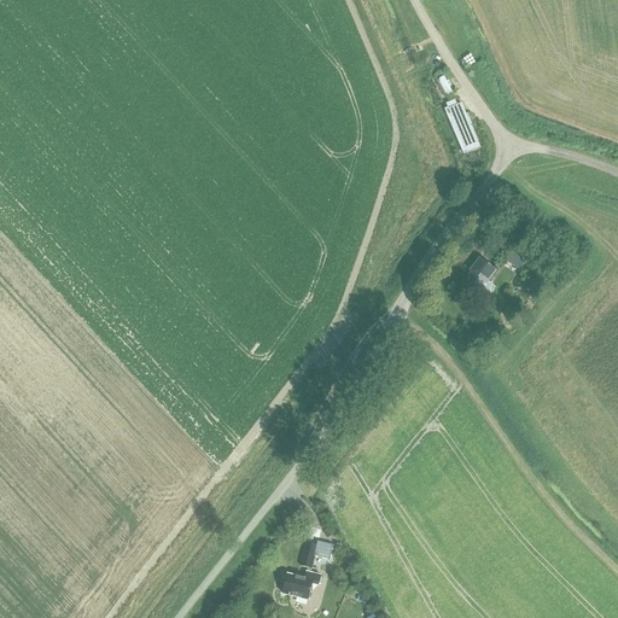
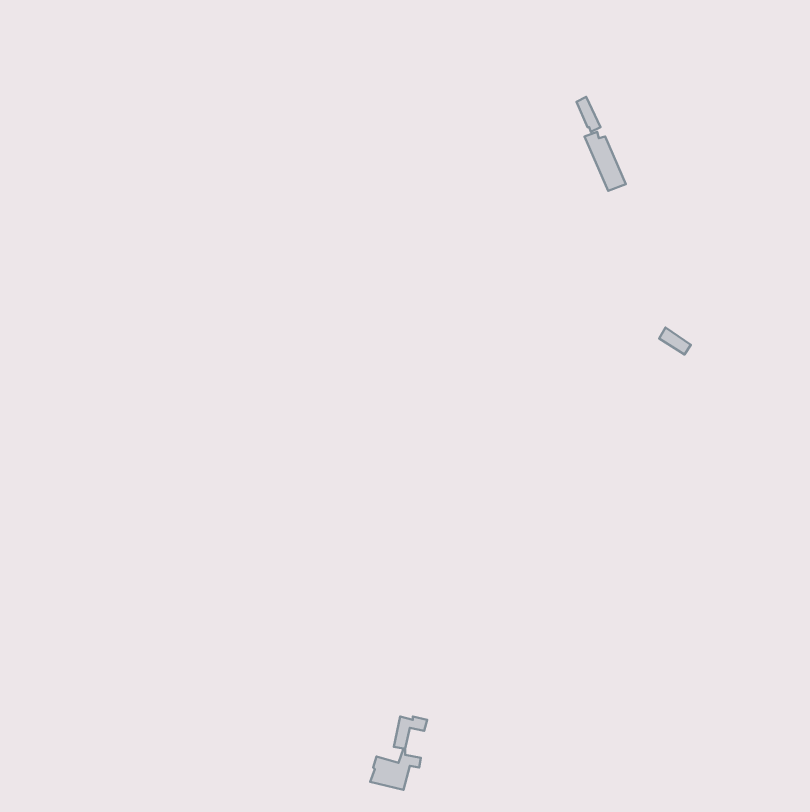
building: [461,260,495,304] -> none

